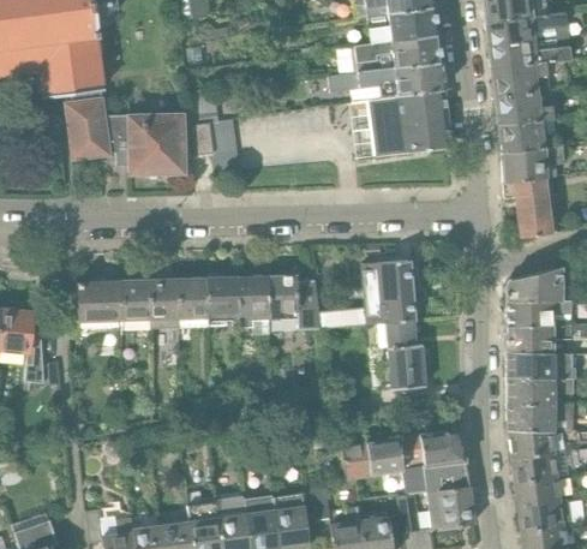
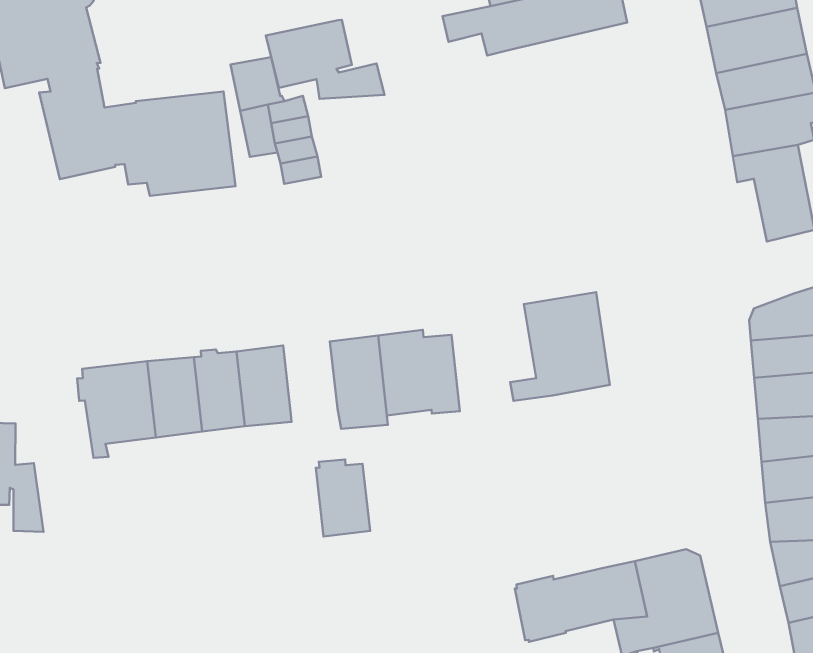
building: none -> [266,20,385,99]
building: [369,90,451,159] -> none
building: [206,274,238,322] -> [316,460,370,537]
building: [376,321,425,388] -> none

